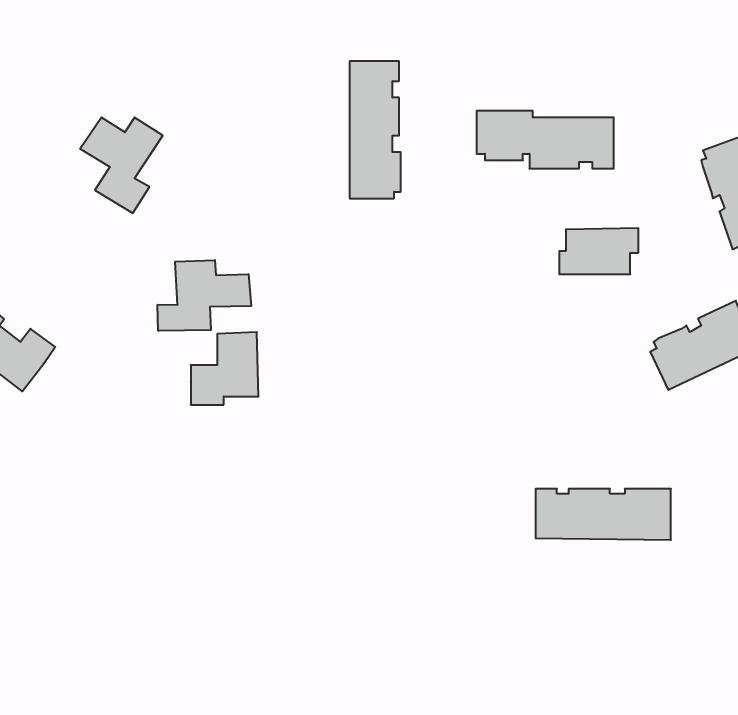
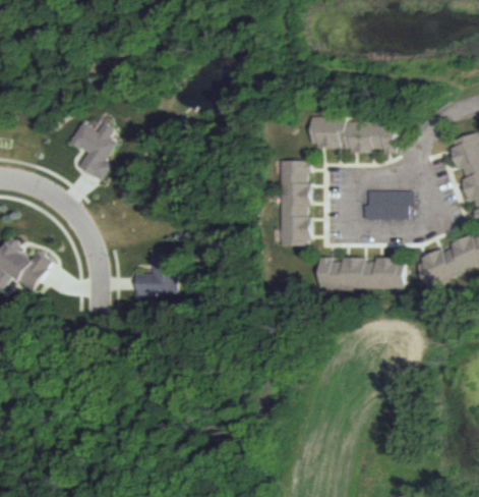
building: [350,61,401,198] -> [281,161,312,245]
building: [158,260,251,331] -> none
building: [536,489,671,540] -> [320,258,404,289]

